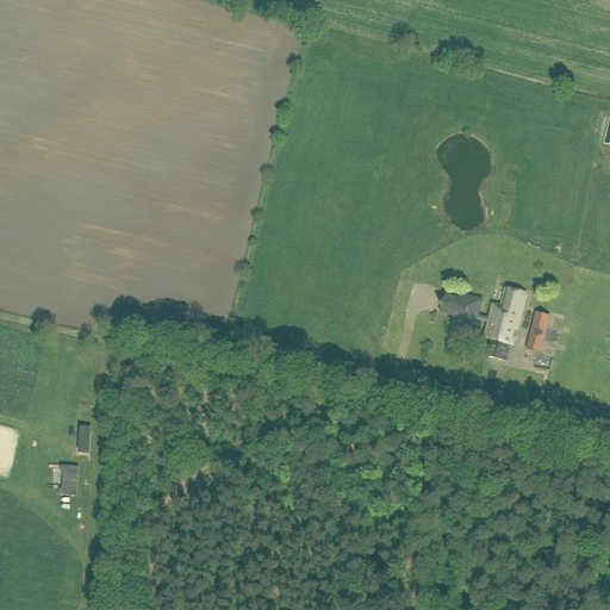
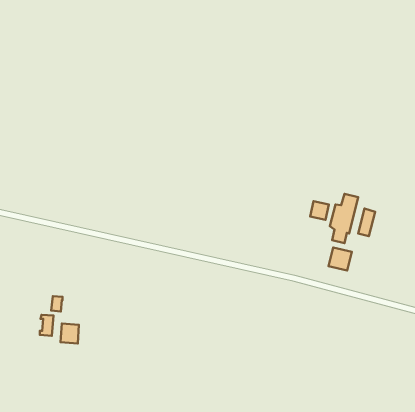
building: none -> [329,247,352,271]
building: none -> [61,324,79,343]

